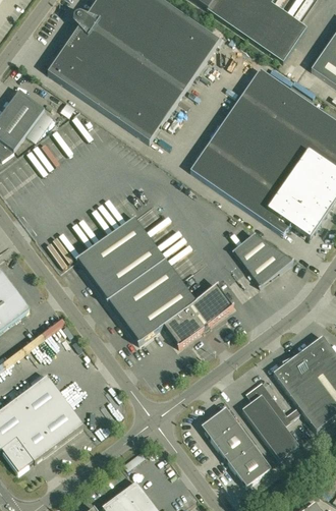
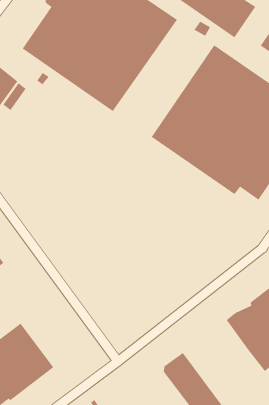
building: [77,216,232,345] -> none
building: [233,234,292,285] -> none
building: [241,382,301,458] -> none

